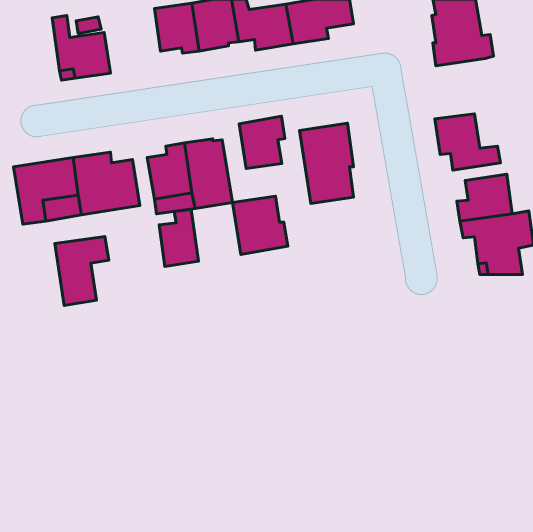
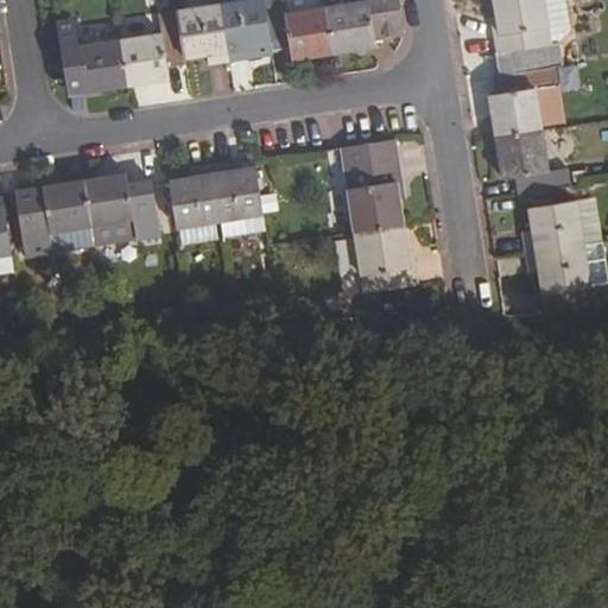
building: none -> [119,10,184,83]
building: none -> [489,66,553,135]
building: [239,116,285,168] -> none
building: [233,196,288,255] -> [354,224,417,291]
building: [159,209,199,266] -> none
building: [55,236,109,306] -> none

